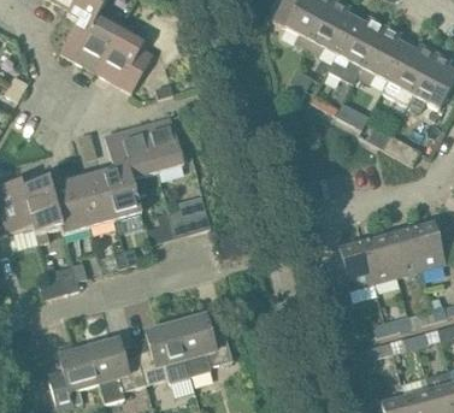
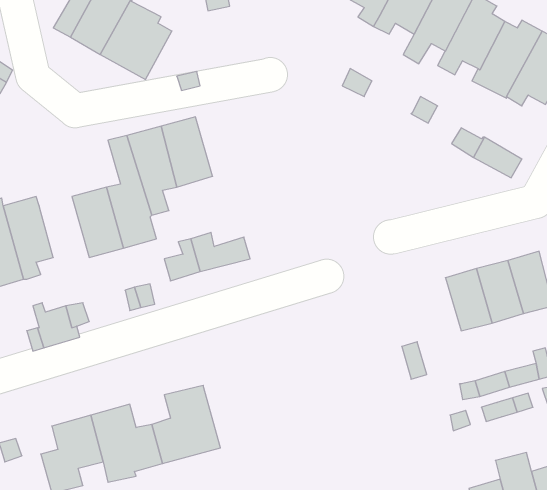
building: [49,179,88,234] -> none
building: [338,242,375,290] -> none
building: [176,317,234,373] -> none

